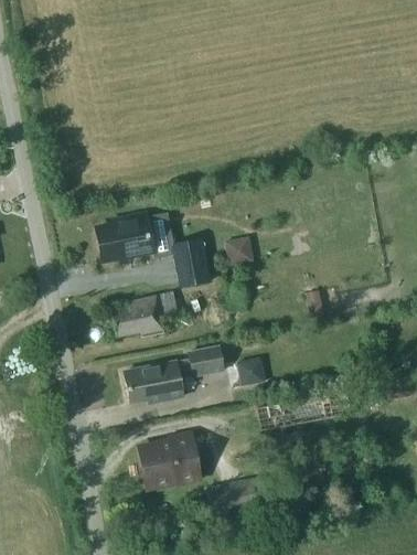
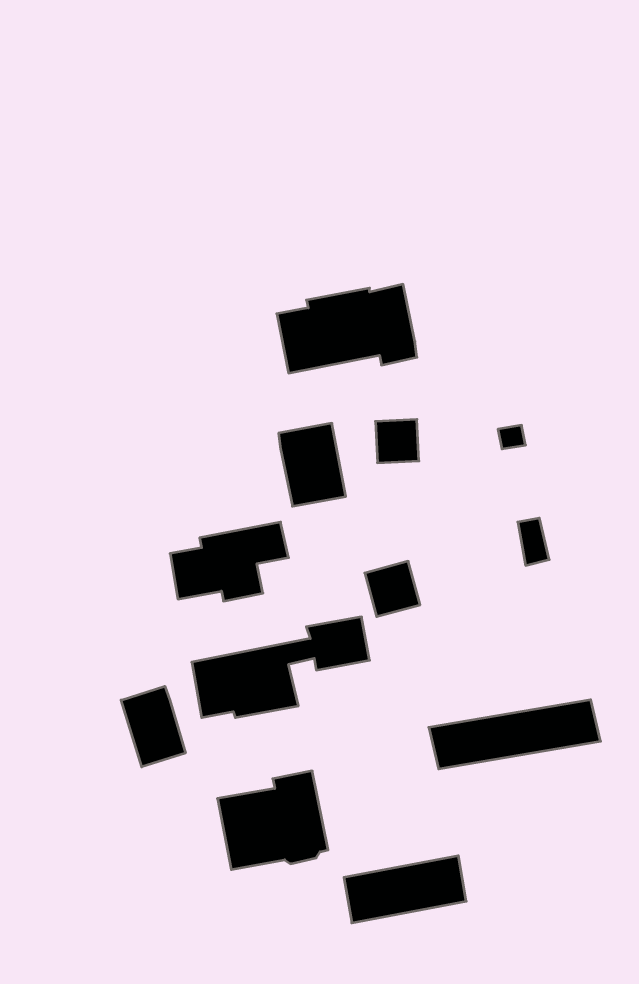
building: [96,212,174,262] -> [277,284,417,373]
building: [235,355,266,386] -> [365,561,420,617]
building: none -> [121,686,185,767]

